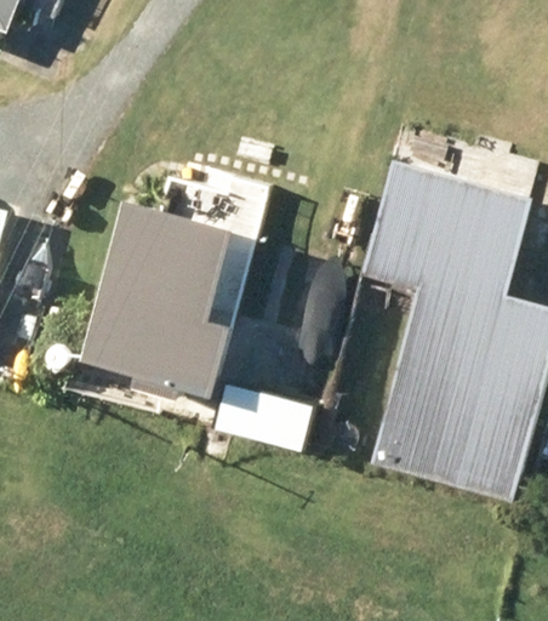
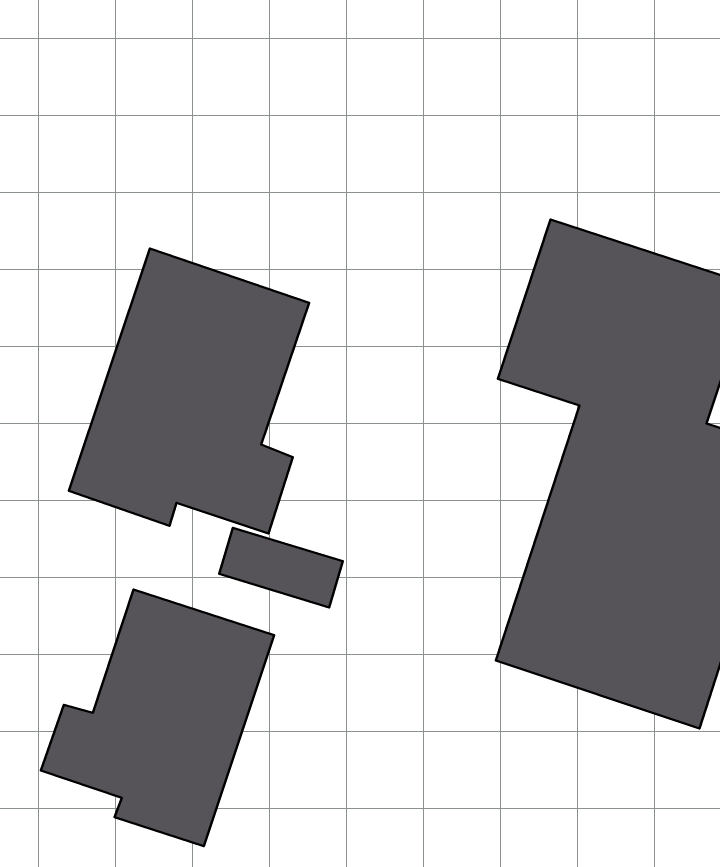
building: none -> [41,589,274,846]

